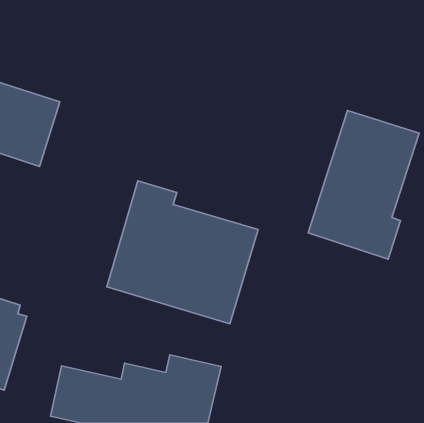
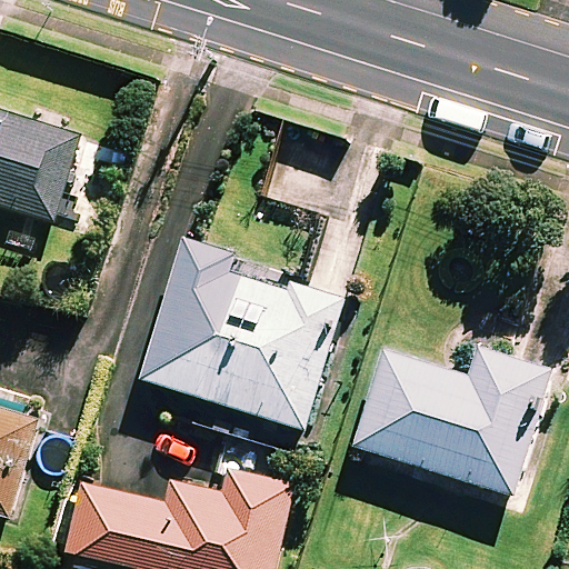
building: [308,110,419,259] -> none
building: none -> [352,348,551,496]

